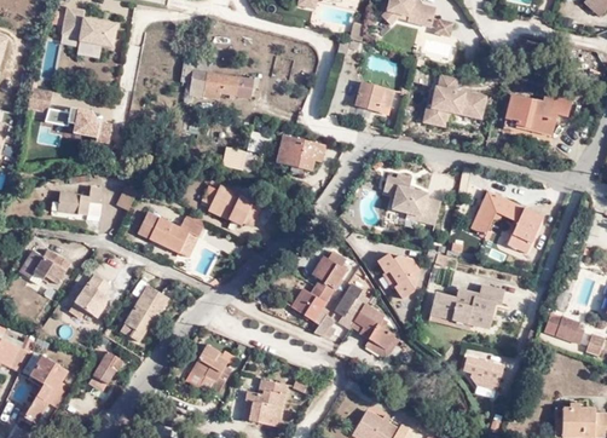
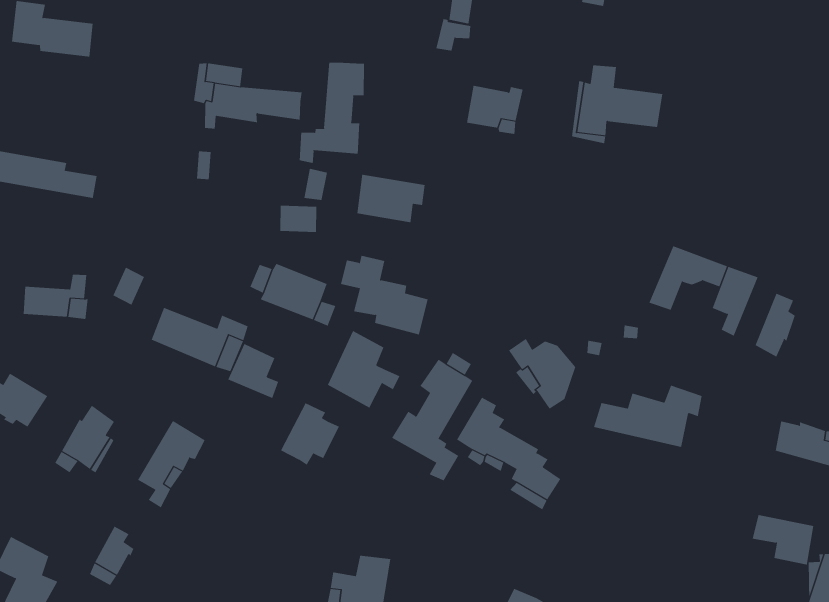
building: none -> [299,62,364,164]
building: [503,91,568,133] -> none
building: [382,169,439,224] -> [340,255,429,335]
building: none -> [755,293,796,357]
building: none -> [327,330,400,408]
building: none -> [227,343,279,399]
building: [189,346,229,387] -> [280,403,340,466]
building: [458,353,499,388] -> [752,514,814,565]

